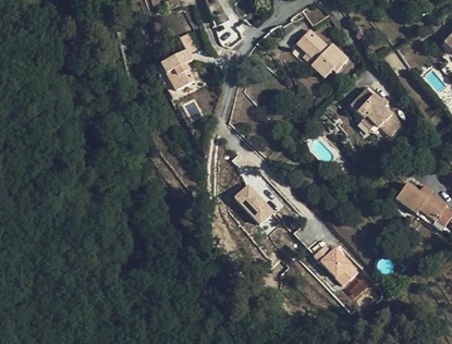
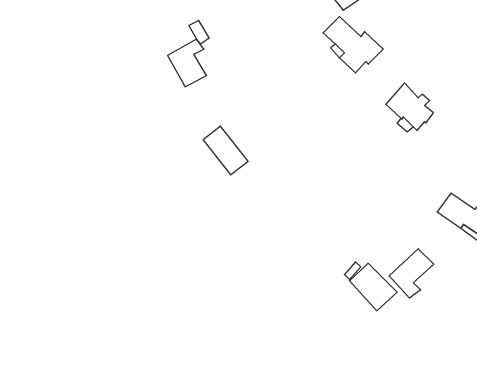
building: [234,181,273,223] -> [203,126,248,175]
building: none -> [389,249,434,298]

